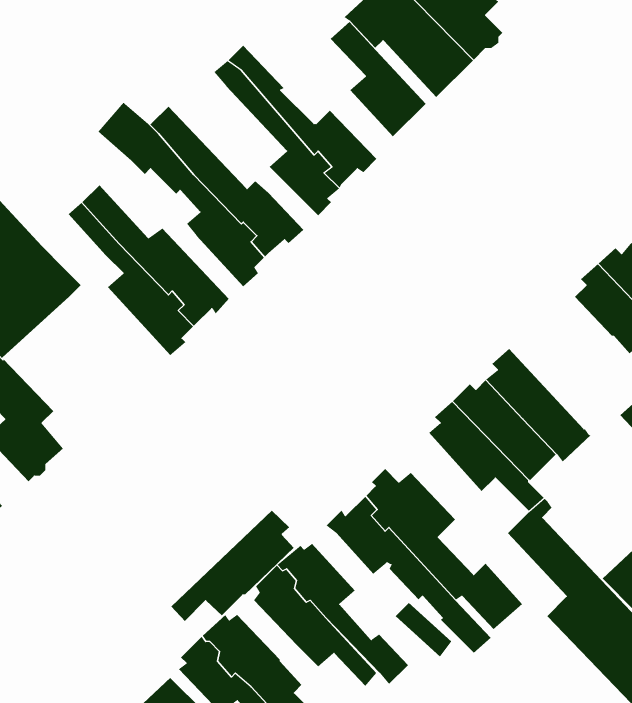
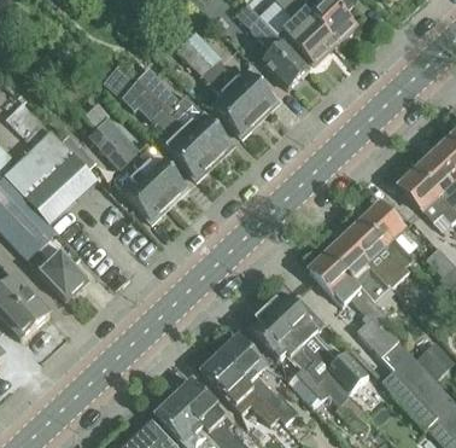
building: none -> [358,204,413,267]
building: [171,510,294,622] -> none

